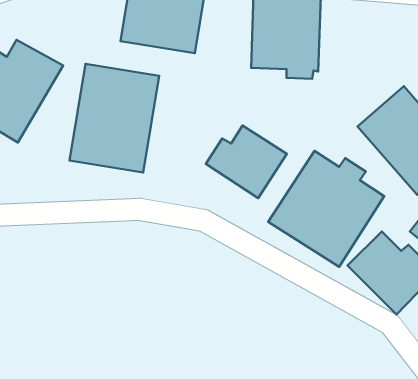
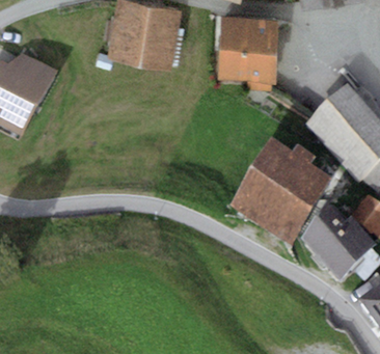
building: [70,64,159,172] -> none
building: [206,126,287,198] -> none

